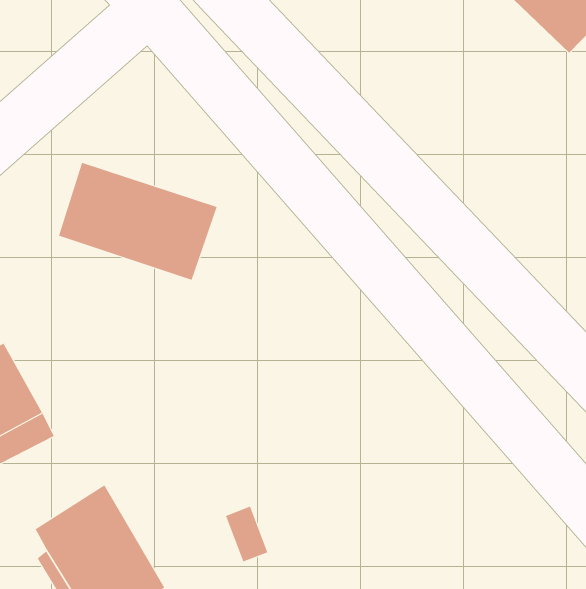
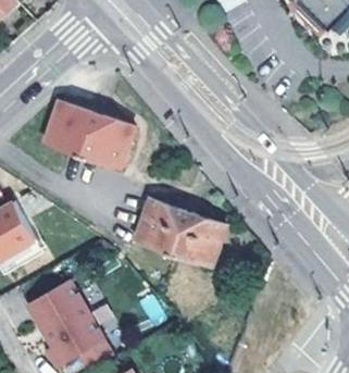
building: none -> [133,198,222,263]

